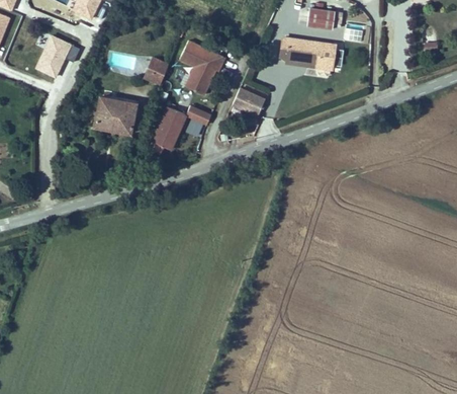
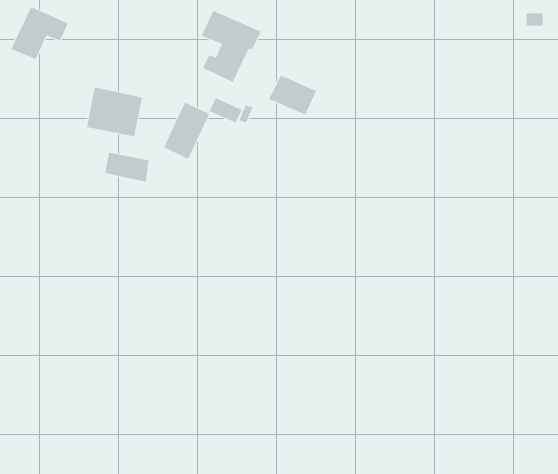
building: [279,36,335,70] -> none
building: [145,57,169,83] -> none
building: none -> [104,152,149,182]

